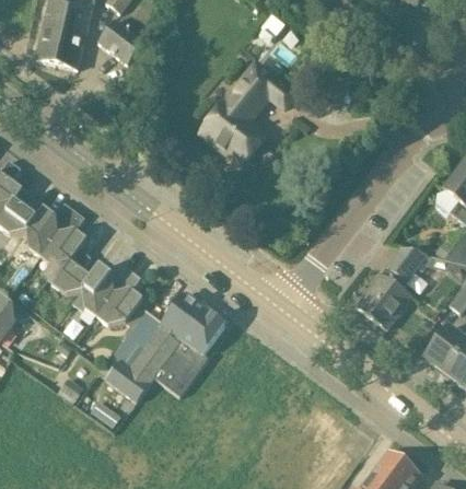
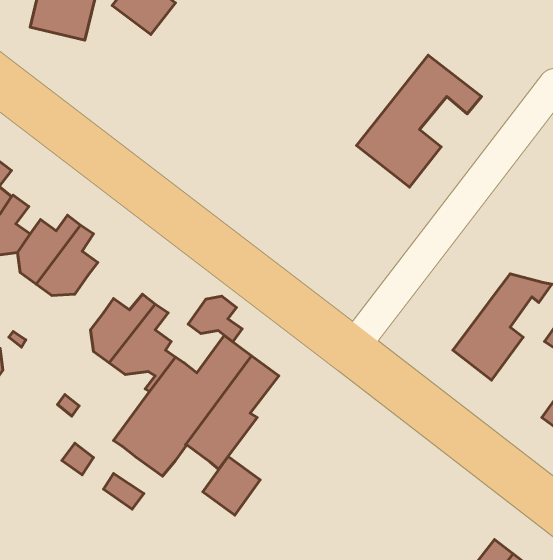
building: [200,62,295,163] -> [356,55,481,187]
building: [43,248,91,292] -> none
building: none -> [188,296,242,342]
building: none -> [203,456,260,515]

